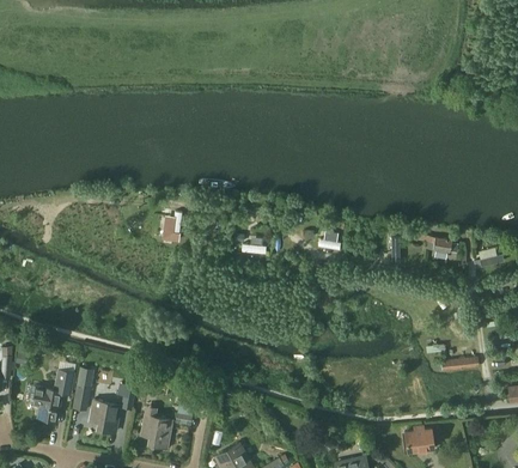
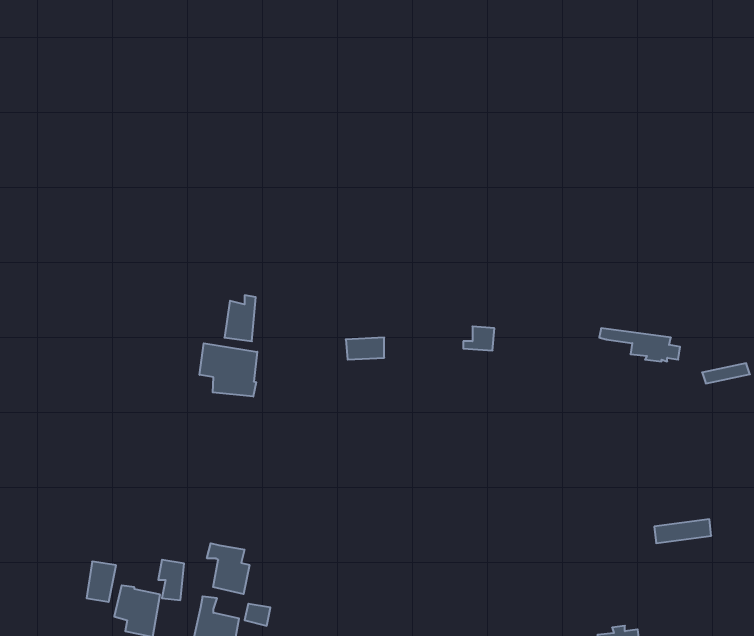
building: none -> [200,343,257,397]
building: [32,370,73,421] -> none
building: none -> [207,543,249,594]

